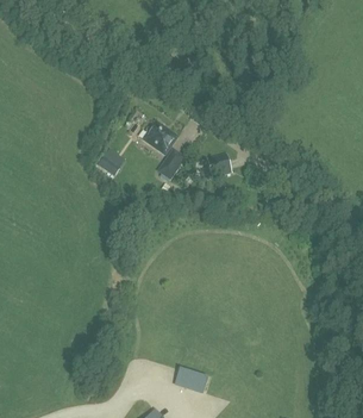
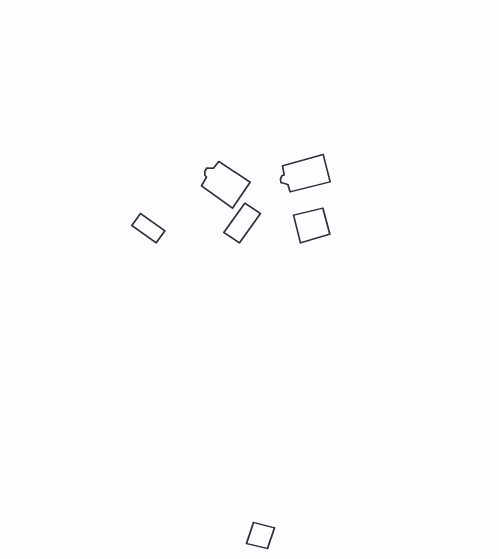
building: none -> [280,154,330,192]

